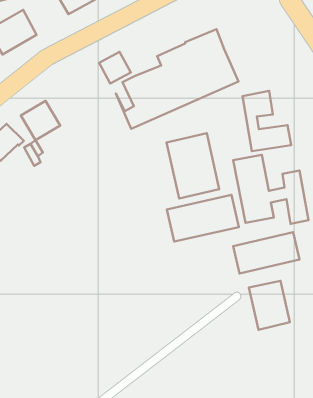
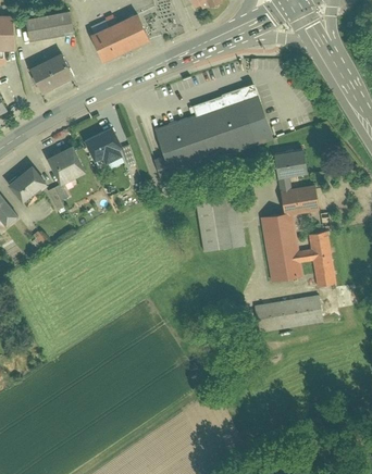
building: [99,52,131,84] -> [86,124,117,155]
building: [167,195,239,242] -> none
building: [249,281,290,330] -> none

